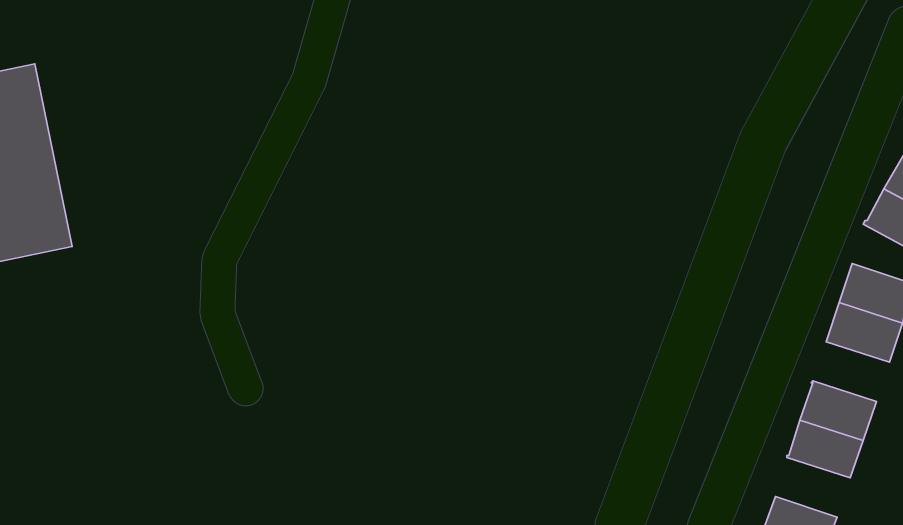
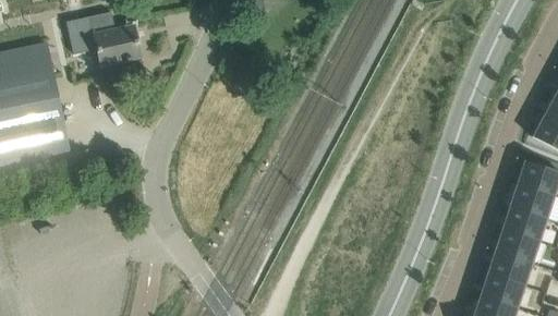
building: none -> [66,16,141,66]
building: none -> [502,206,547,241]
building: none -> [481,274,524,308]

